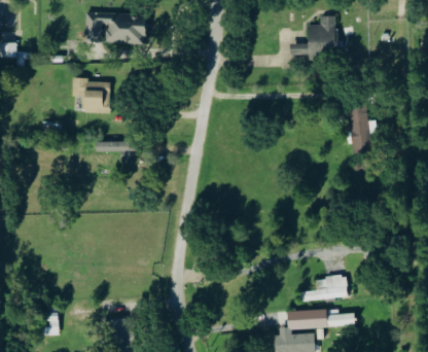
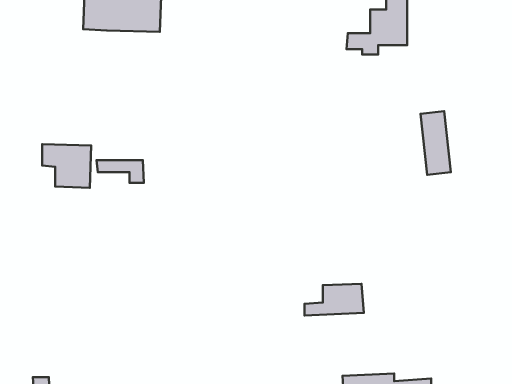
building: [72,80,110,114] -> [42,144,91,188]
building: [301,276,348,301] -> [304,284,364,316]

